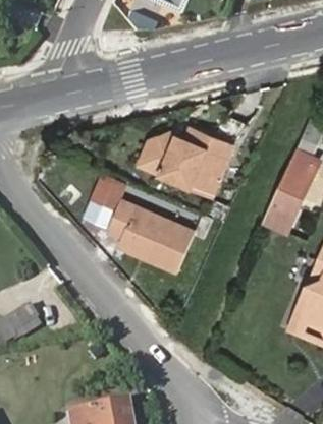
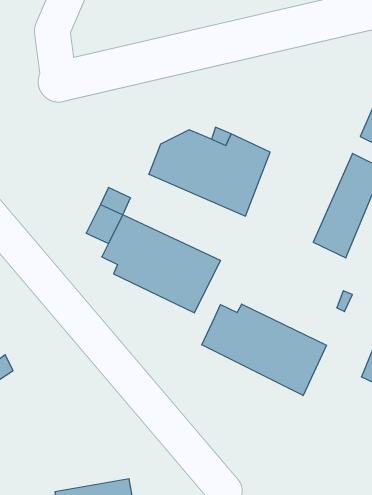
building: none -> [202,304,327,396]

